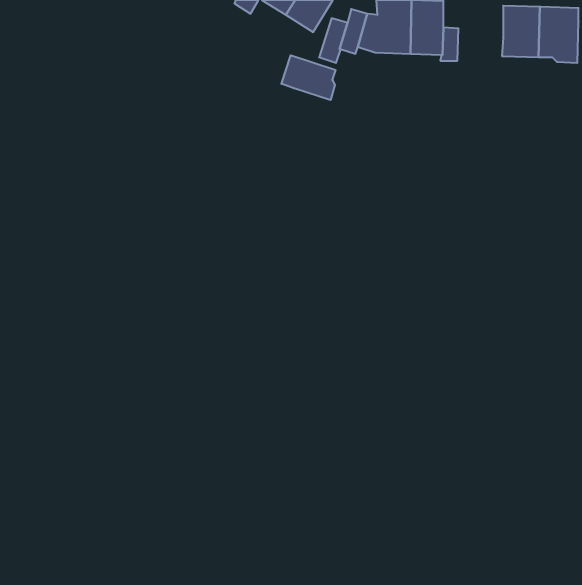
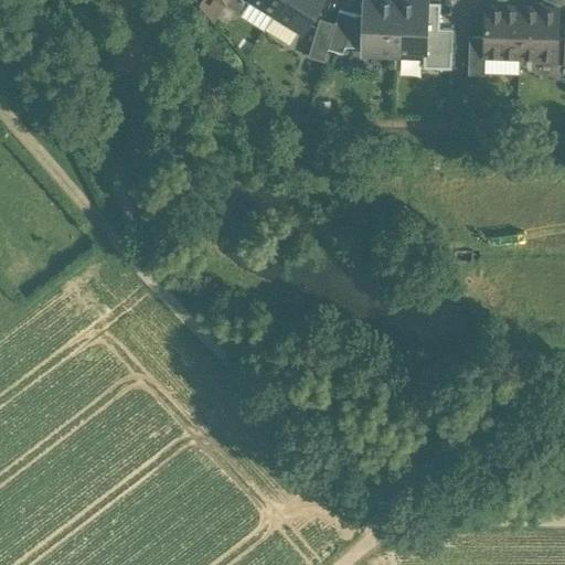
building: none -> [470,35,488,74]
building: [281,55,336,100] -> none

